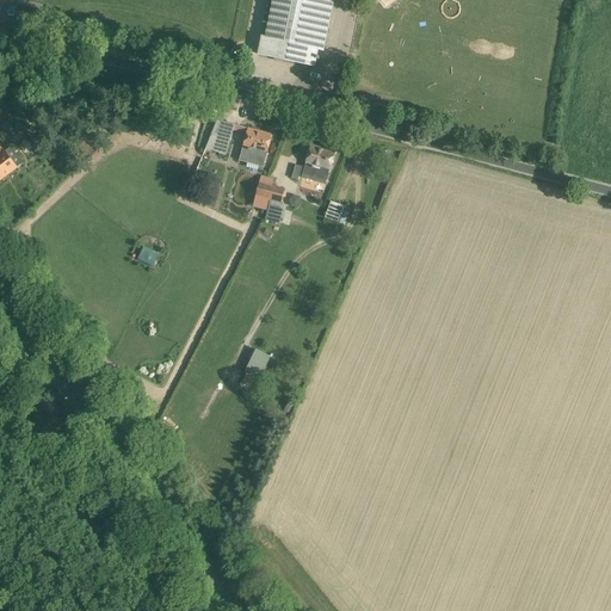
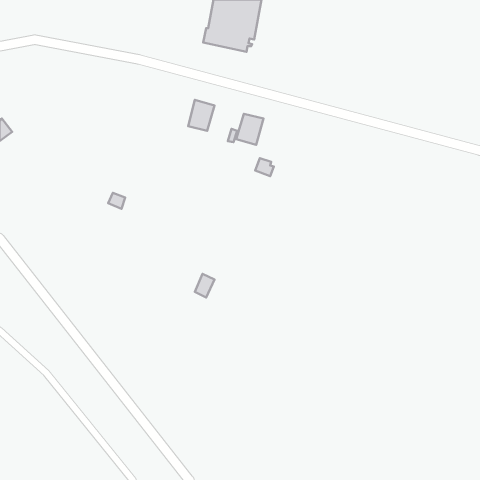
building: [204,119,234,155] -> none
building: [252,175,284,223] -> none

